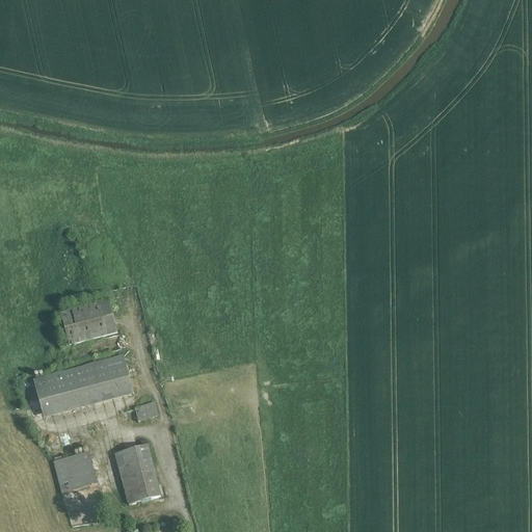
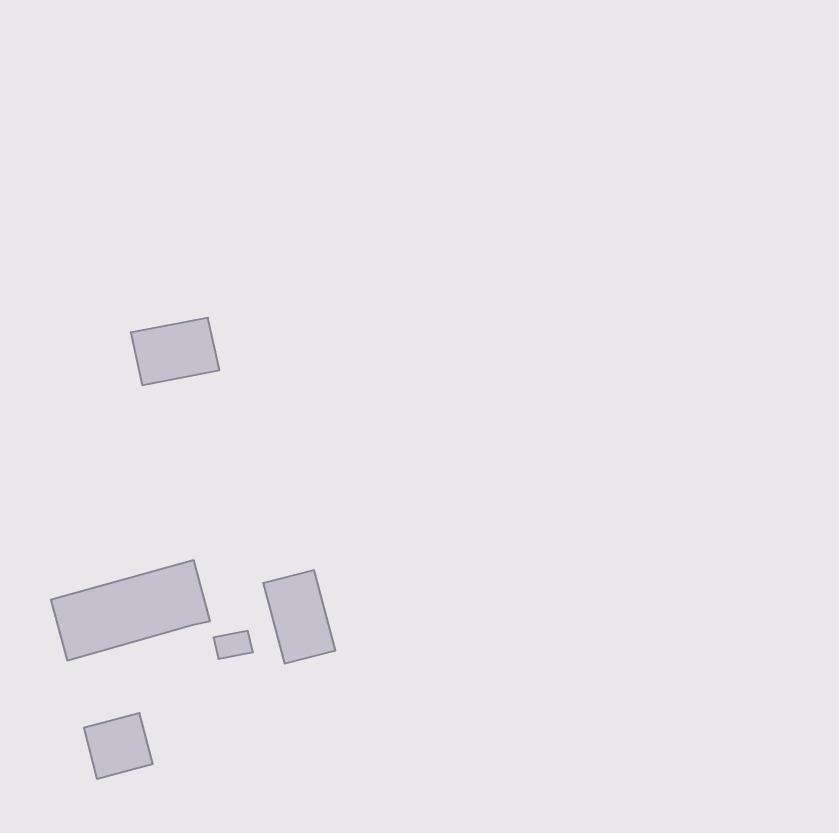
building: [63,298,119,341] -> [131,318,219,385]
building: [114,444,160,503] -> [263,570,335,664]

